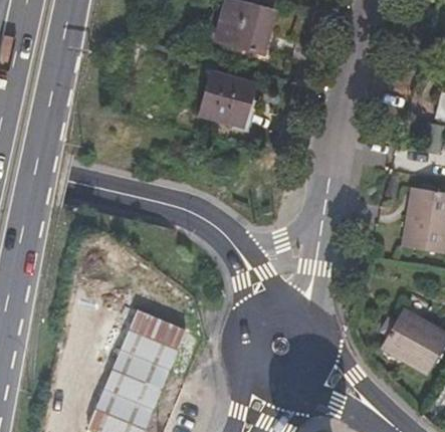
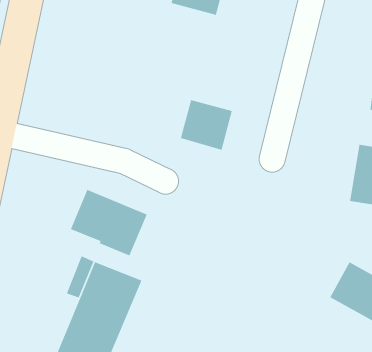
building: [200,72,255,127] -> [180,99,233,151]
building: none -> [70,189,148,257]

